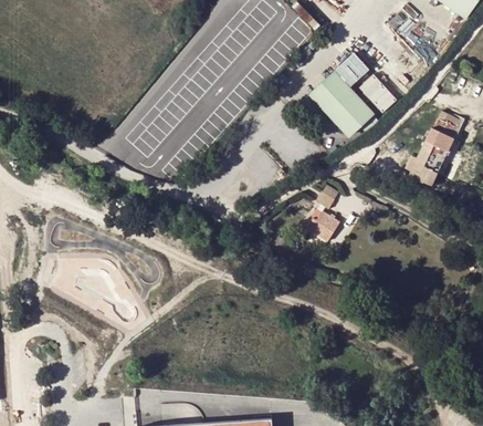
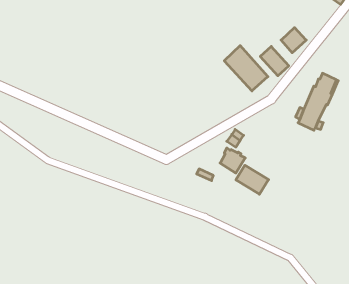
building: [337,54,370,87] -> [281,28,306,53]
building: none -> [236,165,269,194]

